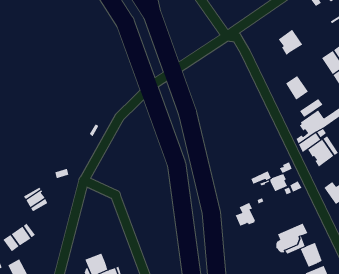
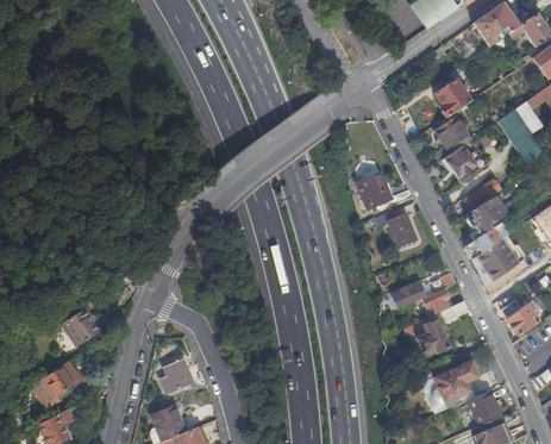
building: none -> [433,113,470,163]
building: none -> [356,171,390,211]
building: none -> [375,212,417,246]
building: [235,202,256,227] -> [418,319,449,355]
building: none -> [161,358,194,394]

